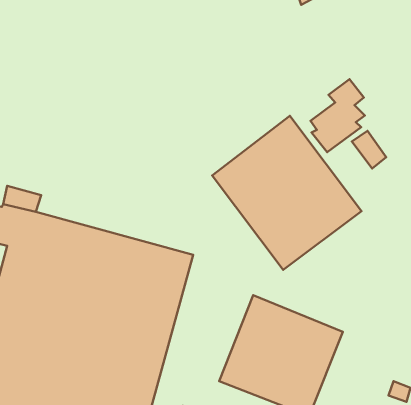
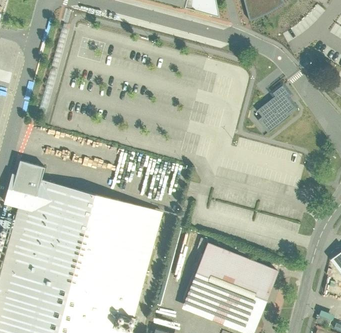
building: [212,116,361,270] -> none
building: [352,131,386,169] -> none

